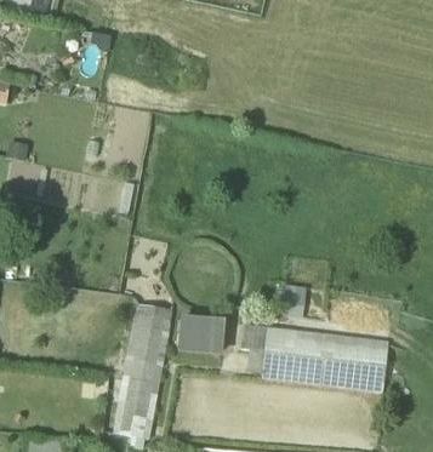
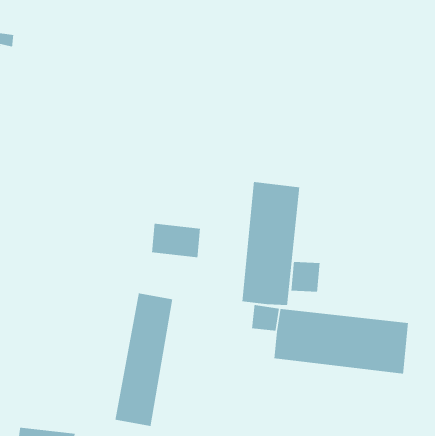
building: none -> [242,181,300,306]
building: [177,324,223,356] -> [151,223,201,258]

